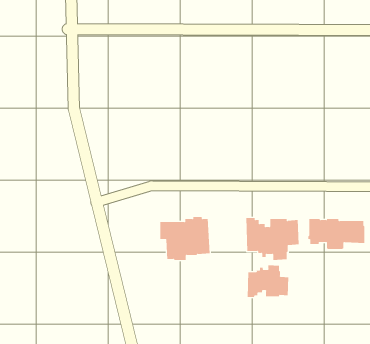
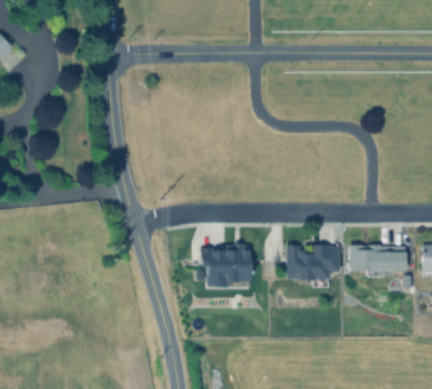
building: [247,264,289,298] -> none

